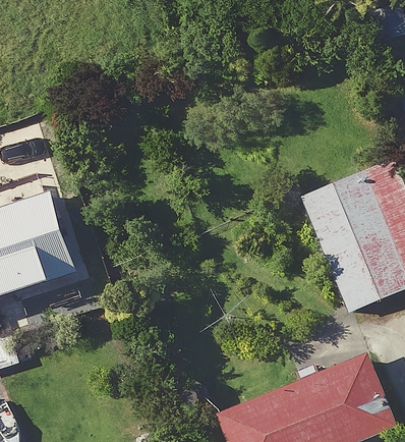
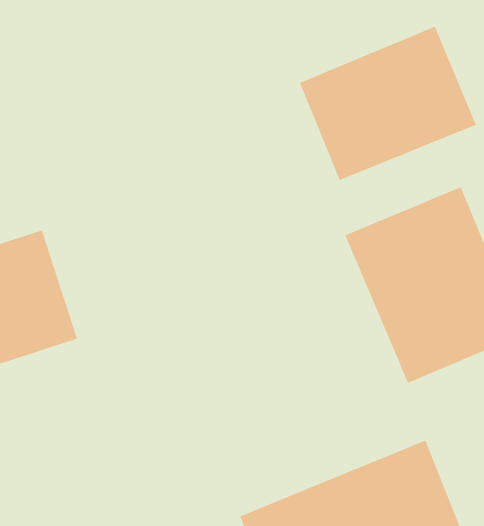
building: none -> [299,26,476,181]

